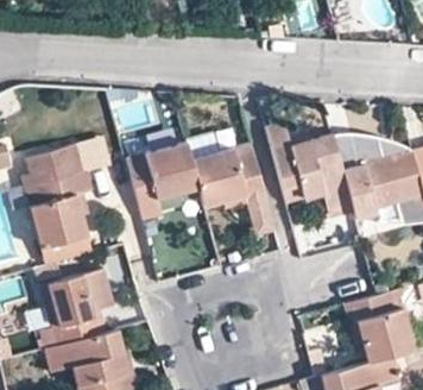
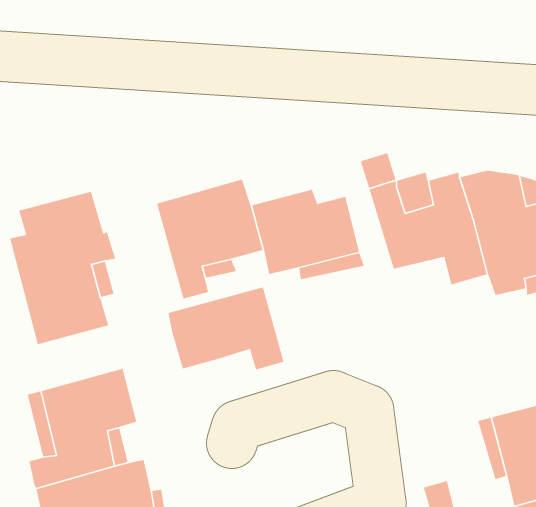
building: none -> [167,286,285,370]

